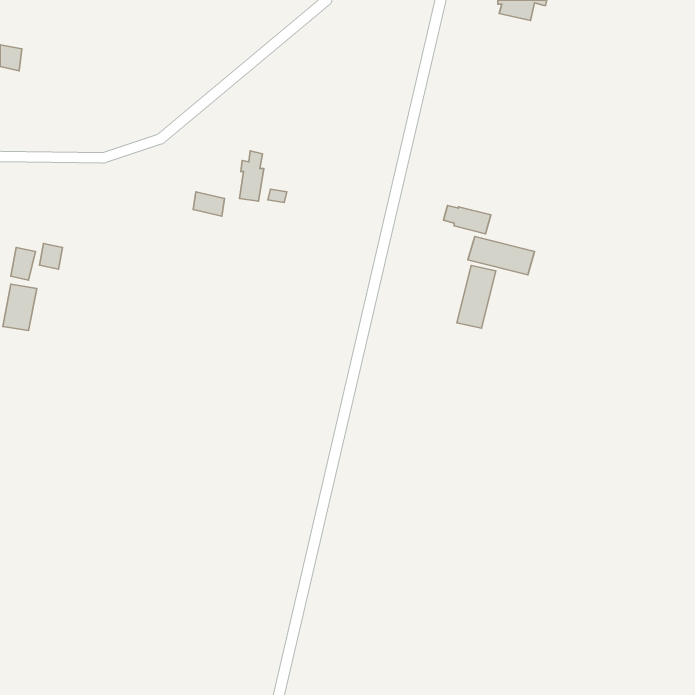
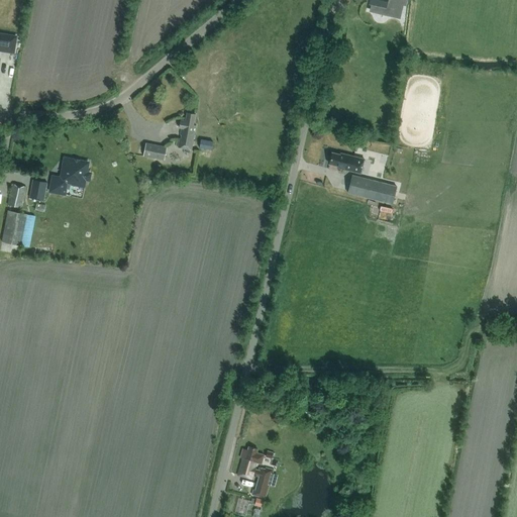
building: none -> [50,159,90,193]
building: [457,266,496,328] -> none
building: none -> [238,446,274,498]

